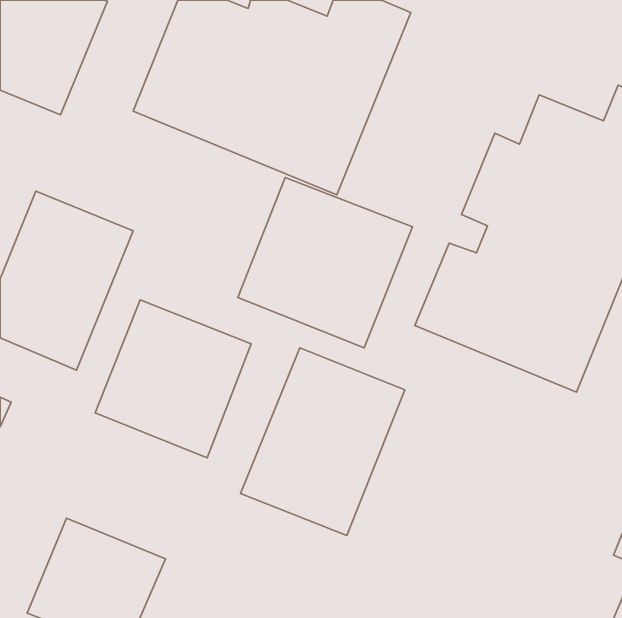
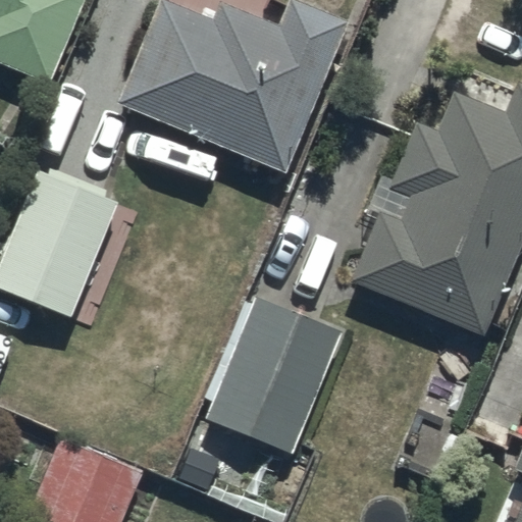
building: [238,178,413,348] -> none
building: [95,300,251,458] -> none

